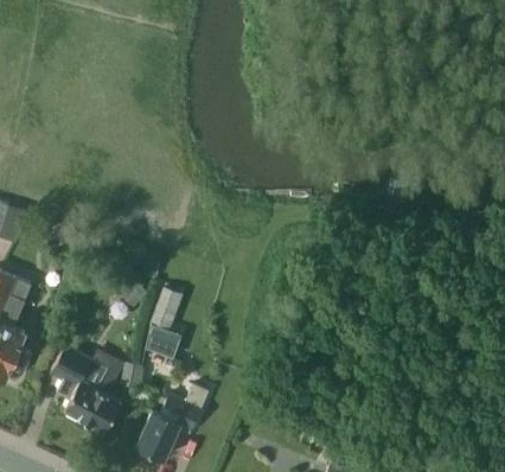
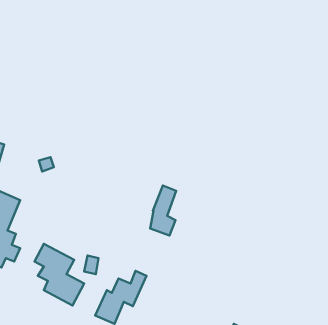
building: [146,288,183,358] -> [150,186,176,235]

